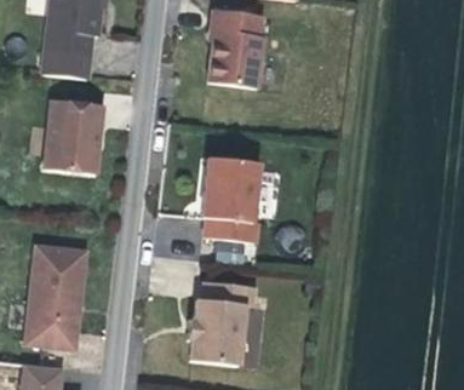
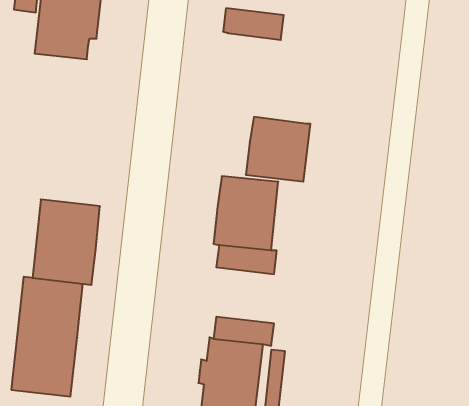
building: [208,30,265,87] -> [246,117,310,182]
building: [42,48,91,78] -> none
building: [45,98,104,173] -> [32,199,100,285]

